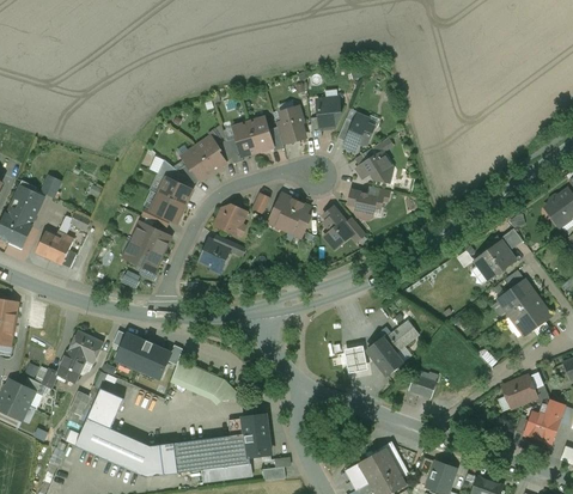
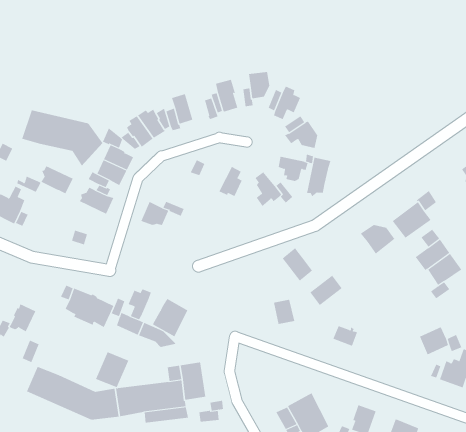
building: [248,117,273,151] -> none
building: none -> [21,109,103,167]
building: none -> [307,157,331,197]
building: [269,196,298,228] -> none
building: [215,205,245,233] -> none
building: [126,239,161,270] -> [40,165,73,194]
building: none -> [360,224,395,254]
building: [67,329,103,362] -> none
building: none -> [128,289,152,320]
building: [367,337,401,374] -> [282,247,313,281]
building: none -> [152,298,188,337]
building: [86,389,123,428] -> [95,352,129,388]

